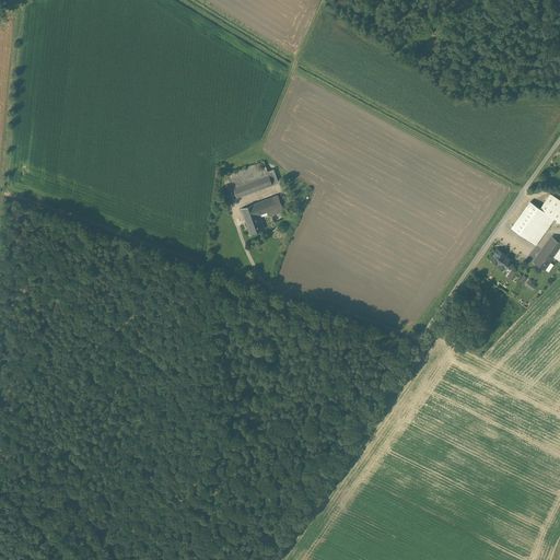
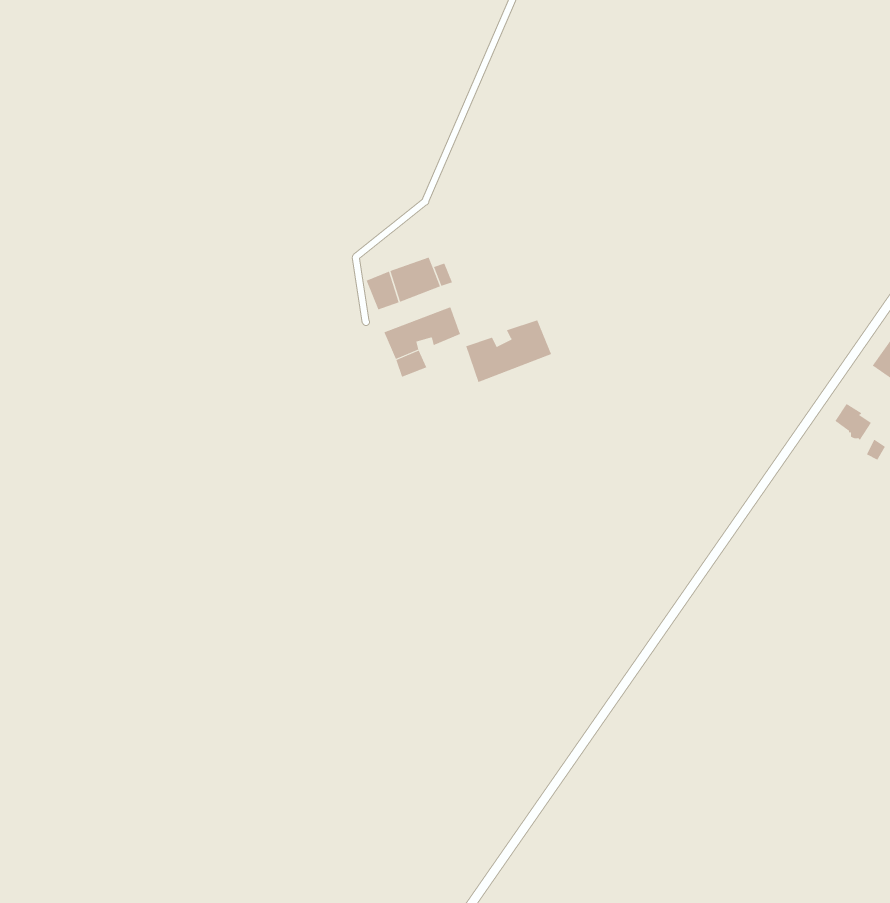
building: none -> [465,319,552,383]

